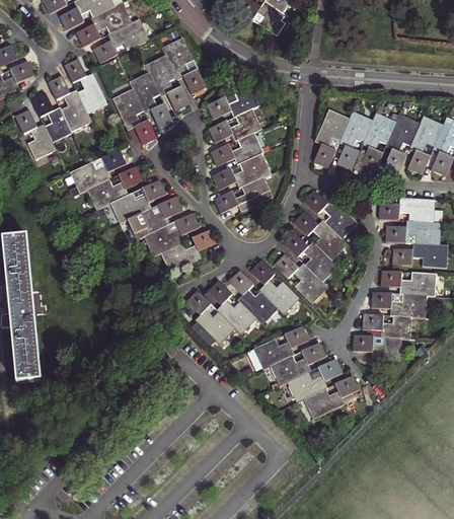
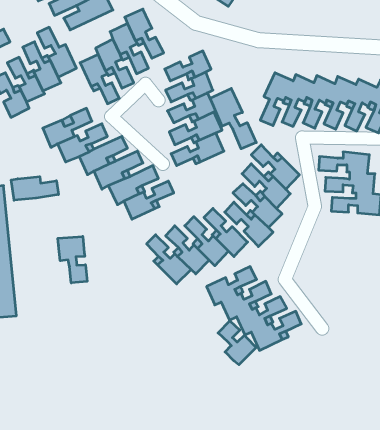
building: none -> [210,88,256,149]
building: none -> [11,177,58,200]
building: [353,271,436,360] -> none
building: none -> [58,236,87,283]
building: none -> [218,321,256,365]

